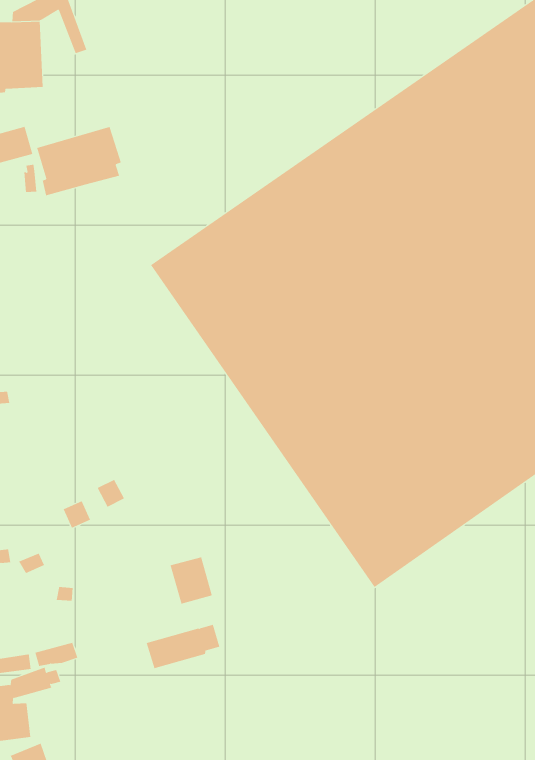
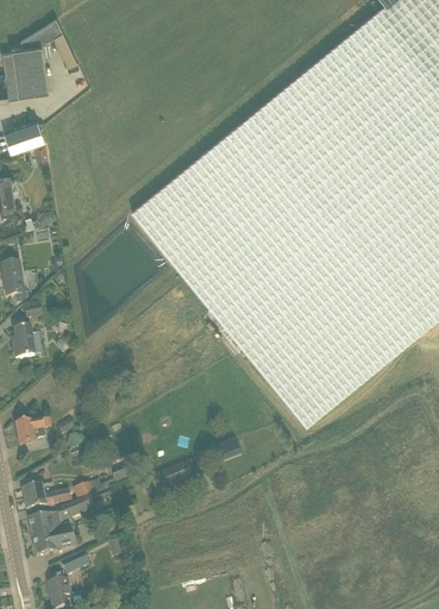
building: [37,126,122,196] -> none
building: [170,556,213,604] -> none

